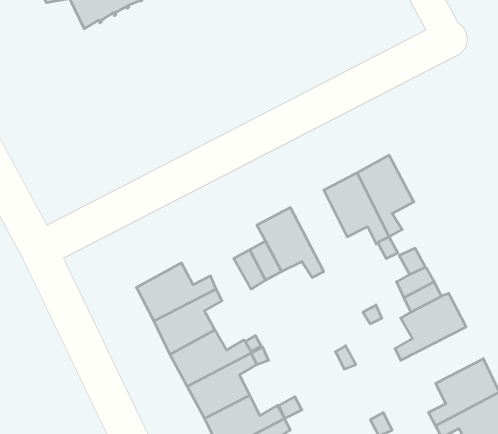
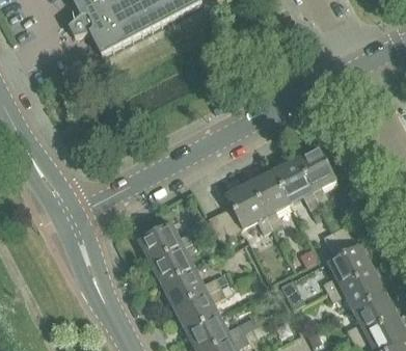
building: none -> [249,170,290,228]
building: none -> [328,268,387,308]

